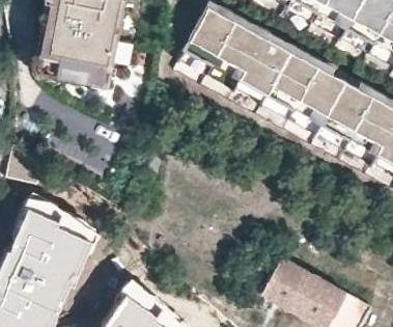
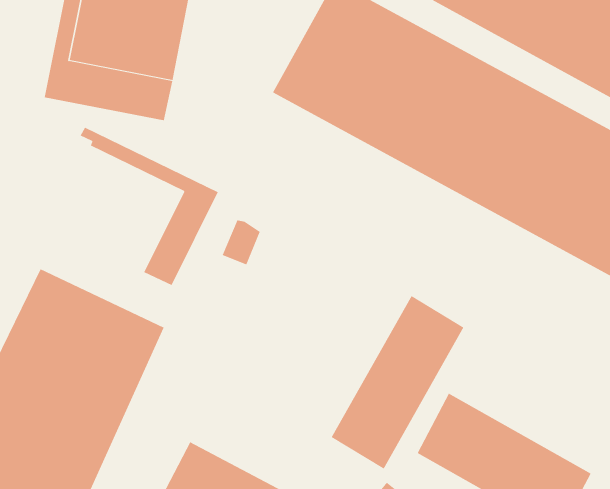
building: none -> [80,127,218,286]
building: none -> [331,295,464,470]

